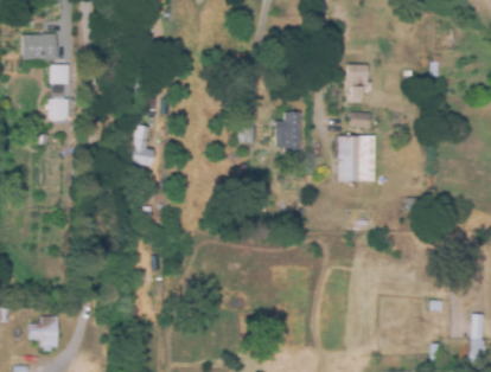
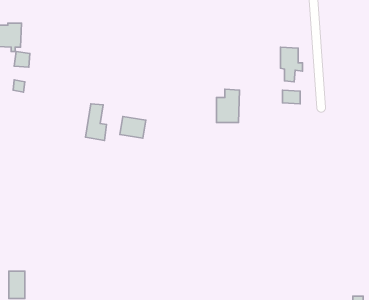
building: [339,134,376,179] -> none
building: none -> [120,116,146,138]

